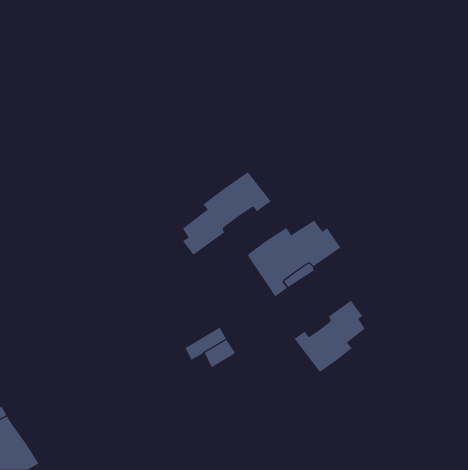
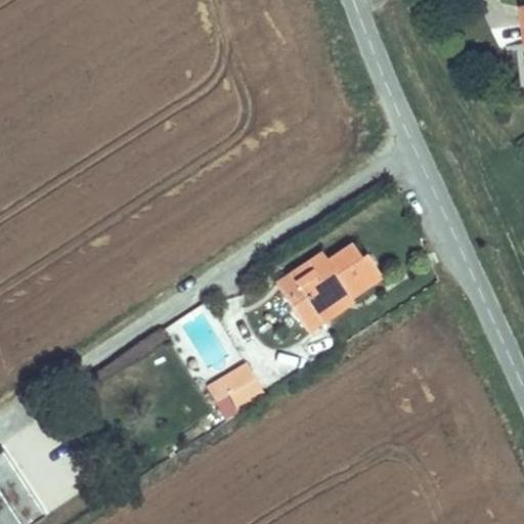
building: [182,172,272,255] -> none
building: [294,300,366,372] -> none

